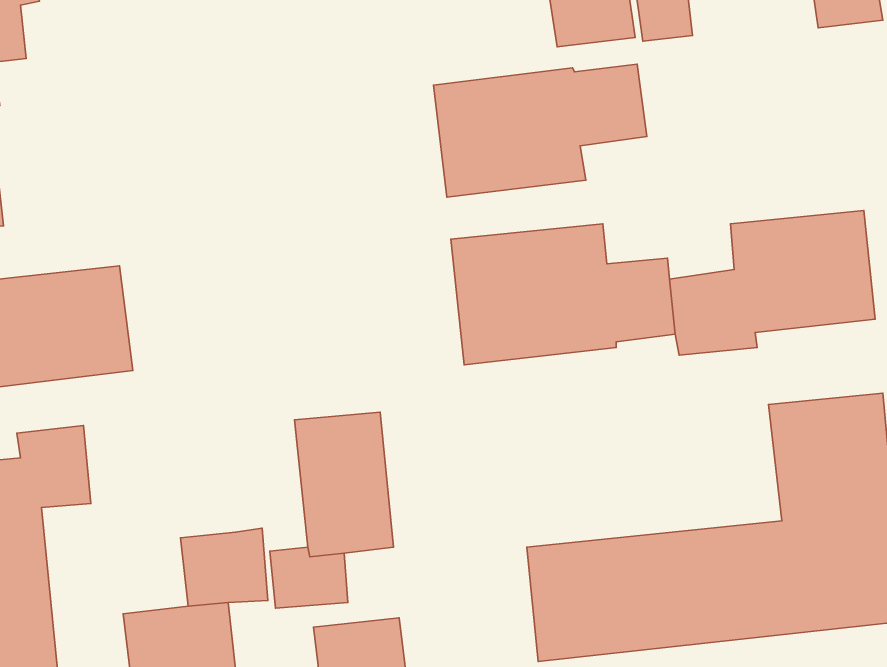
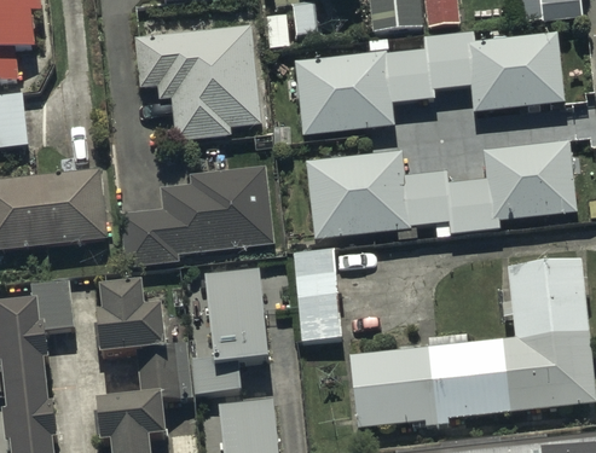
building: none -> [134,24,265,138]
building: none -> [424,31,561,112]
building: none -> [112,172,272,271]
building: none -> [291,248,340,339]
building: none -> [96,277,168,353]

